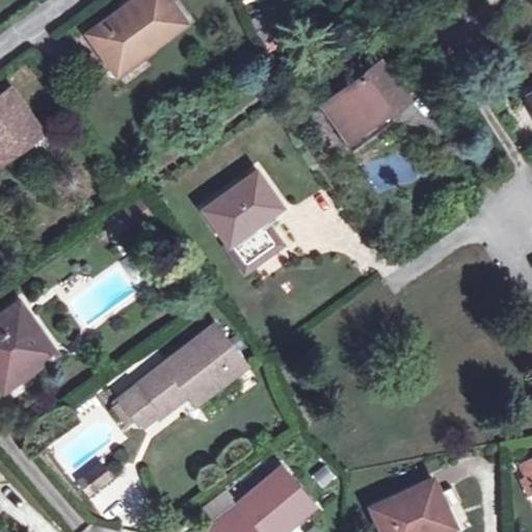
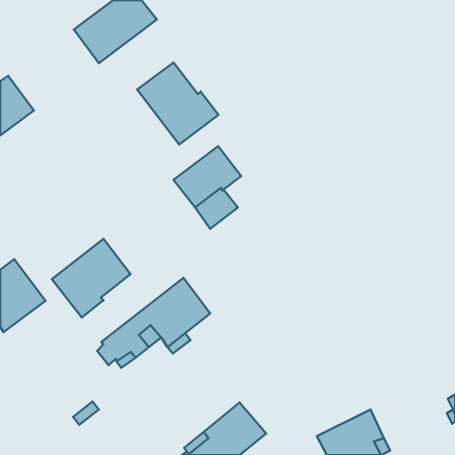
building: [322,62,407,153] -> none
building: none -> [137,62,218,145]
building: none -> [52,239,131,318]

